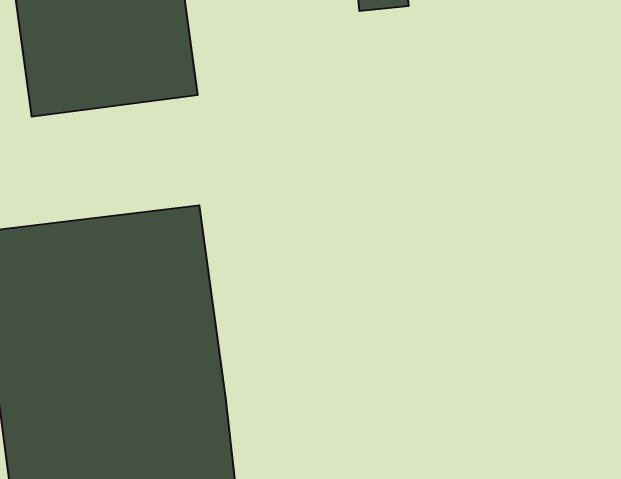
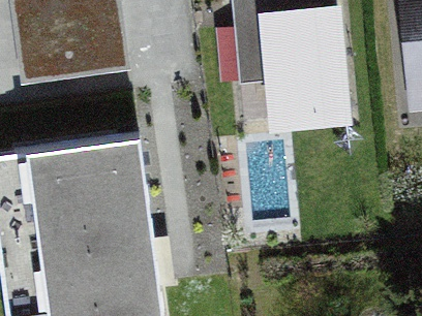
building: none -> [264,12,346,127]

